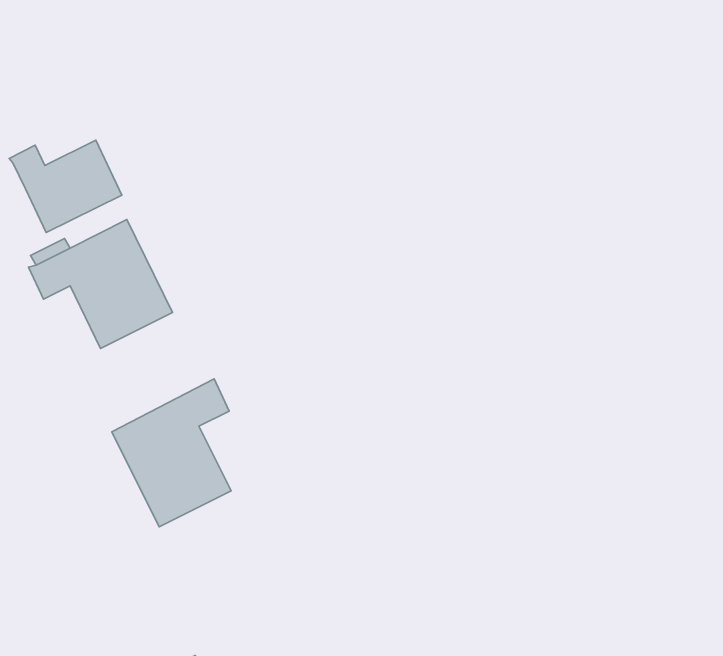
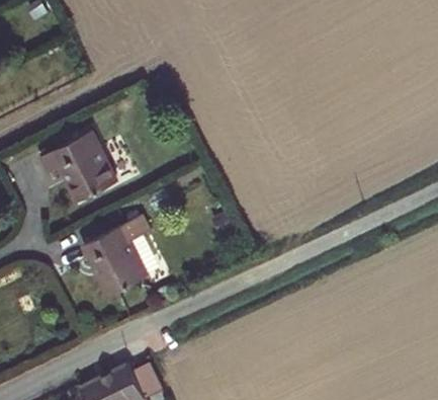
building: [9,140,122,232] -> none

